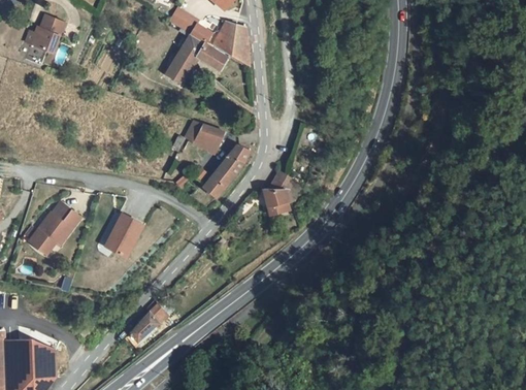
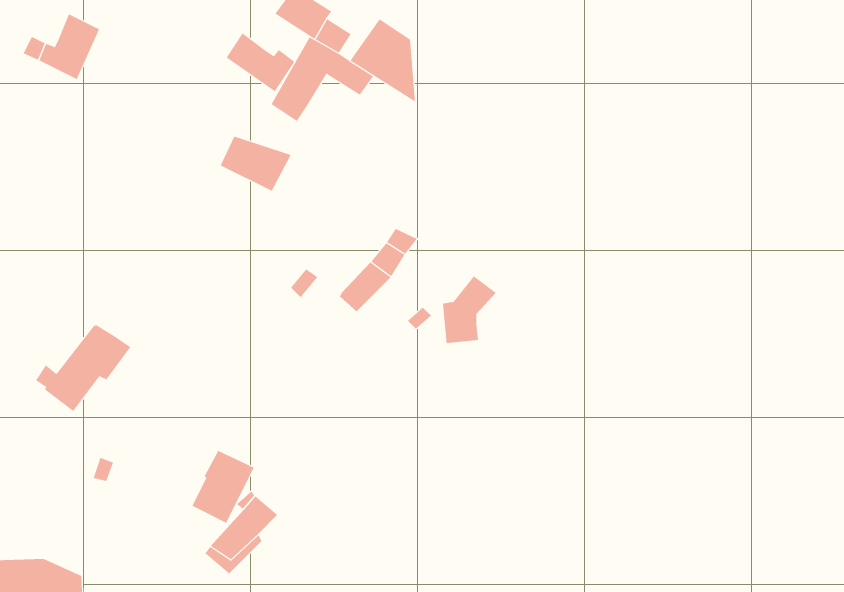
building: none -> [226,33,295,92]
building: [185,120,227,153] -> [220,136,291,192]
building: [106,214,143,257] -> [192,450,254,523]

